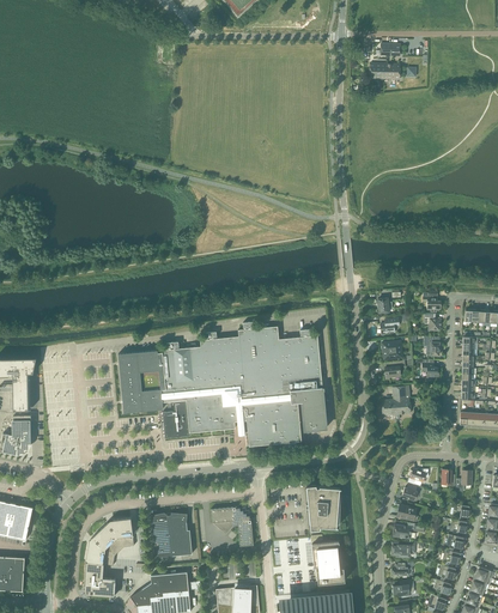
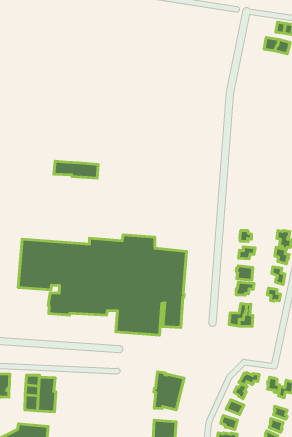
building: none -> [54,161,98,178]
building: [211,508,254,547] -> none

